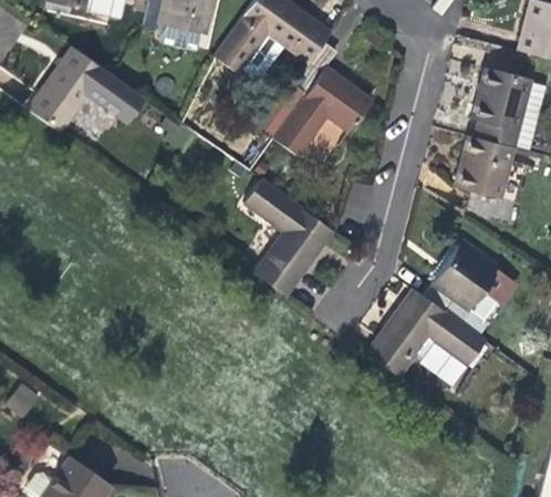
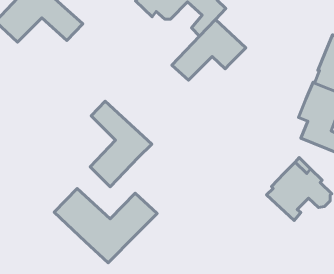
building: [246,180,333,296] -> [90,101,152,187]
building: [368,289,486,383] -> none
building: none -> [54,189,157,263]

